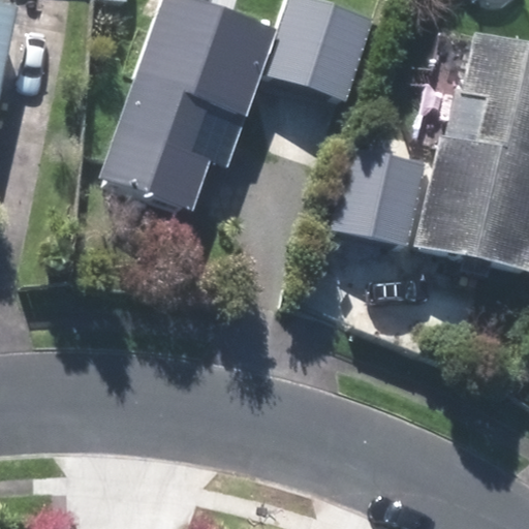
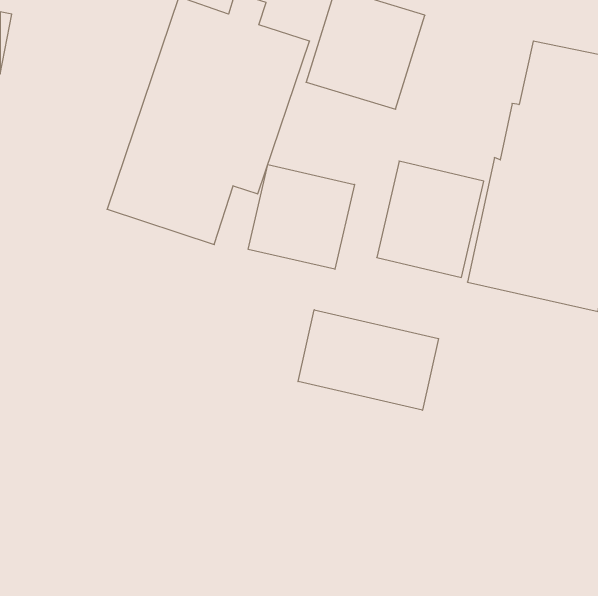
building: none -> [248,165,355,269]
building: none -> [298,310,439,410]

